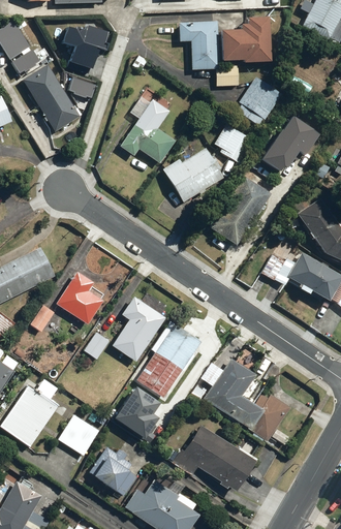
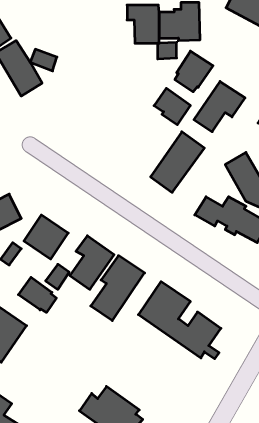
building: [59,22,104,70] -> none
building: [120,99,176,163] -> none
building: [162,147,224,203] -> none
building: none -> [18,277,56,312]
building: [120,387,163,437] -> none
building: [59,413,100,455] -> none
building: [165,423,252,491] -> none
building: [88,444,138,499] -> none

